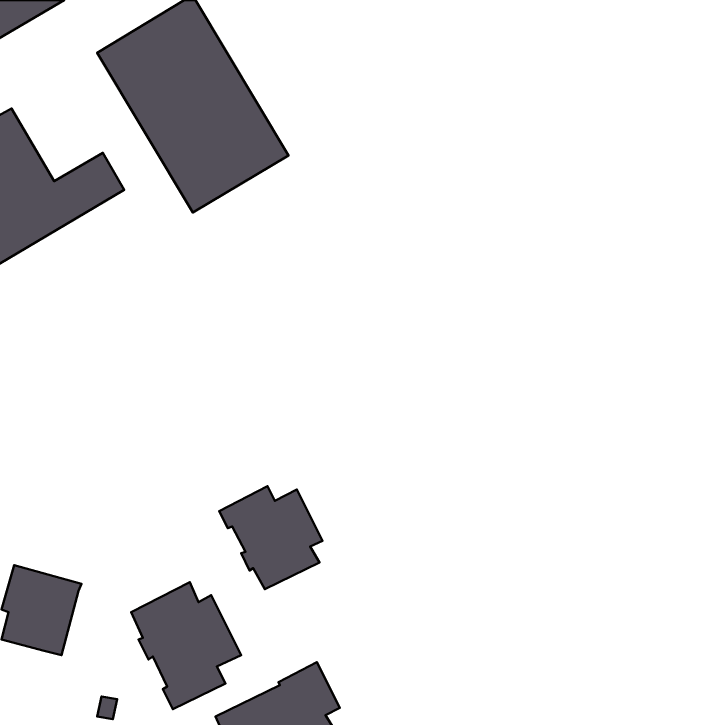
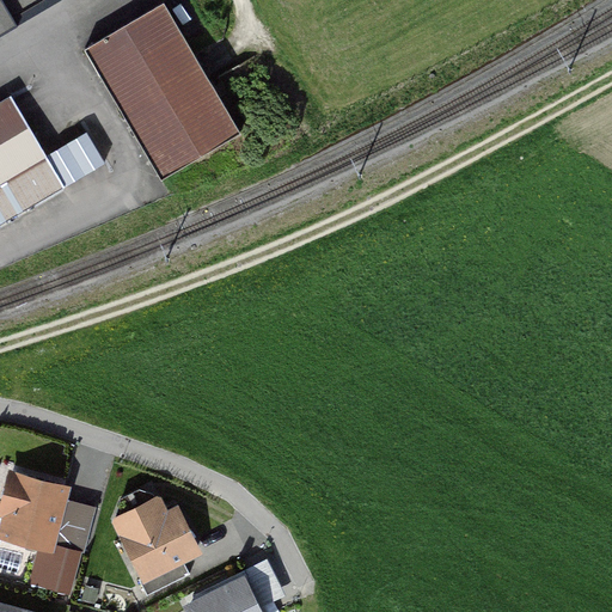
building: [219,486,322,589] -> none
building: none -> [27,498,93,595]

